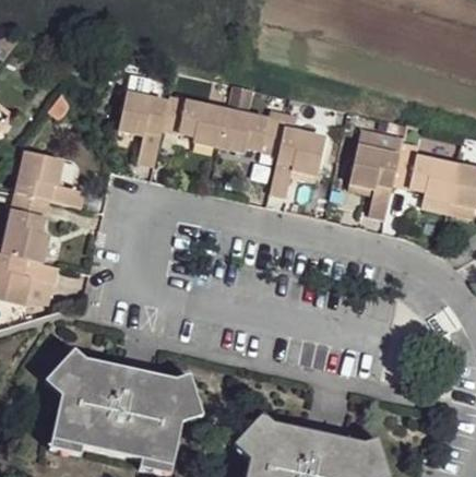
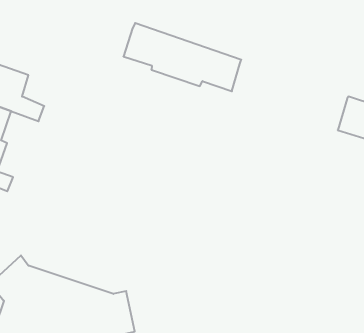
building: [119,91,168,165] -> none
building: [270,126,325,196] -> none
building: [349,142,400,217] -> none

